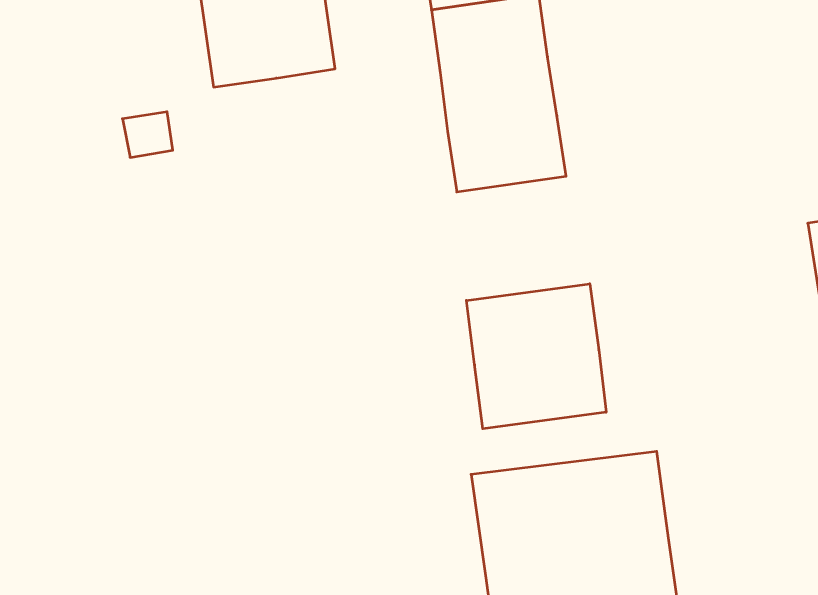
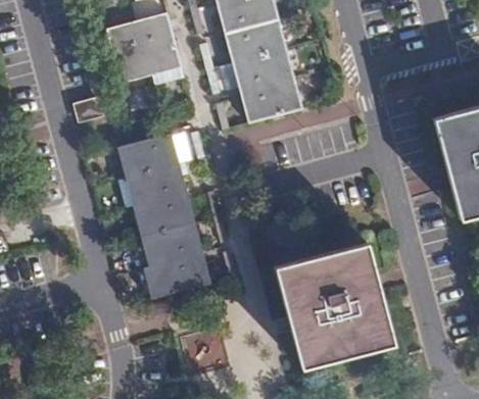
building: none -> [116,134,210,300]
building: [466,284,606,429] -> none

